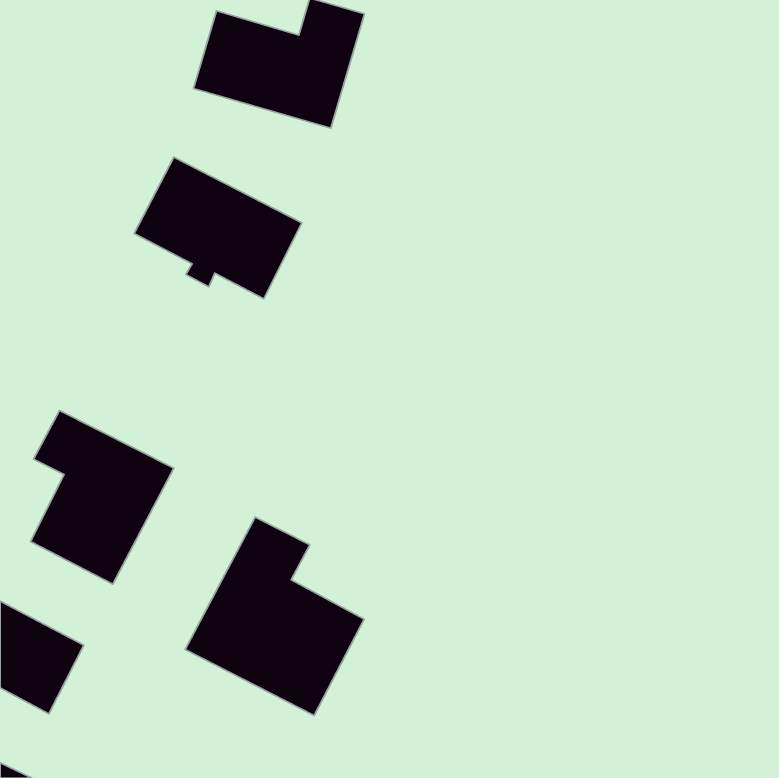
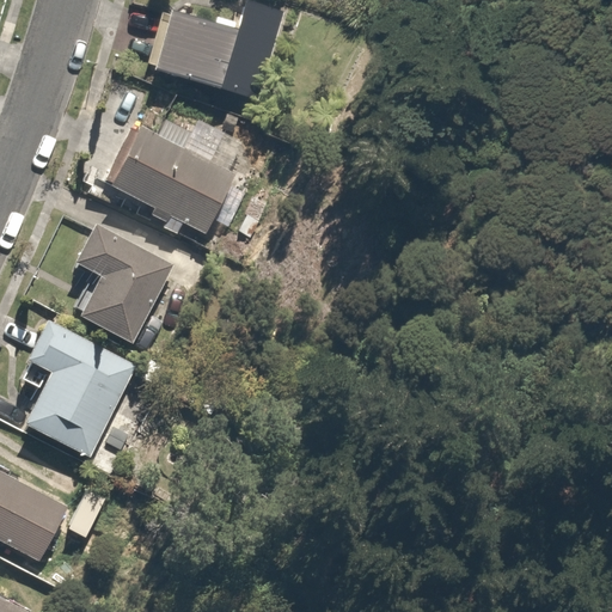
building: none -> [73,225,171,341]
building: [185,517,364,715] -> none

